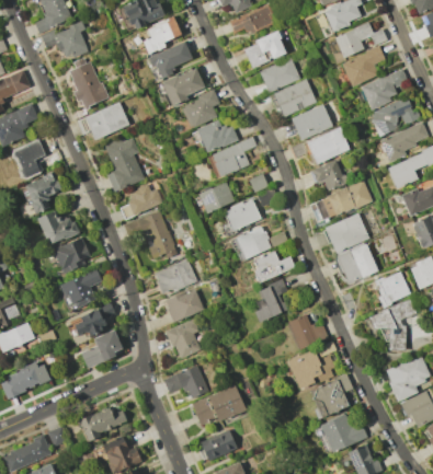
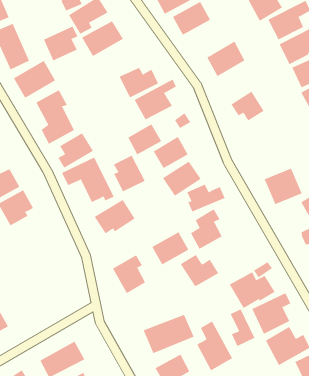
building: [274,81,316,115] -> none
building: [182,92,219,127] -> [43,26,78,61]
building: [306,127,350,164] -> none
building: [310,181,372,222] -> none
building: none -> [113,155,145,192]
building: [326,215,368,251] -> none
building: [59,268,102,311] -> none
building: [164,288,204,322] -> [151,231,189,265]
building: [72,304,116,335] -> none
building: [287,314,328,349] -> [180,254,219,287]
building: [81,330,124,367] -> none
building: [163,365,208,400] -> none
building: none -> [230,308,255,347]
building: none -> [197,320,233,371]

